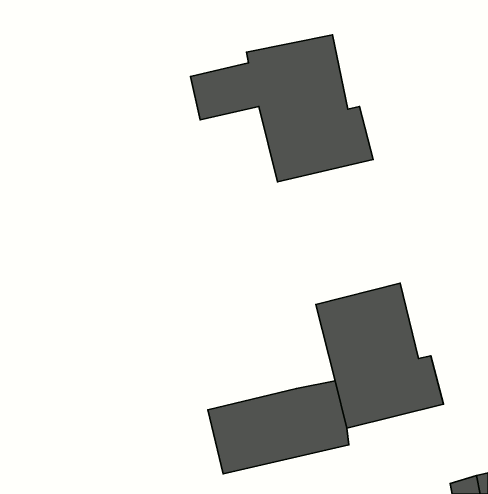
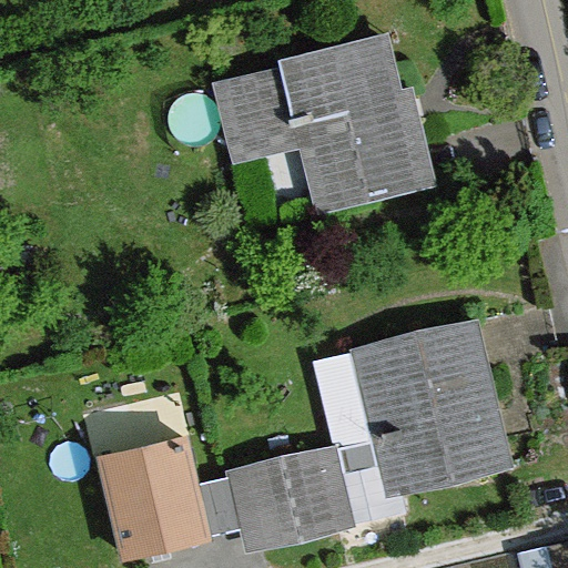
building: none -> [321,349,385,446]
building: none -> [98,438,201,554]

